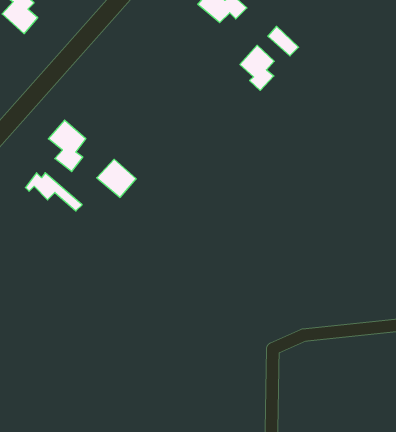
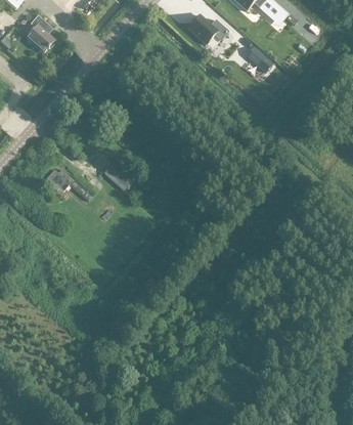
building: [240,45,274,90] -> none
building: [48,120,86,172] -> none

